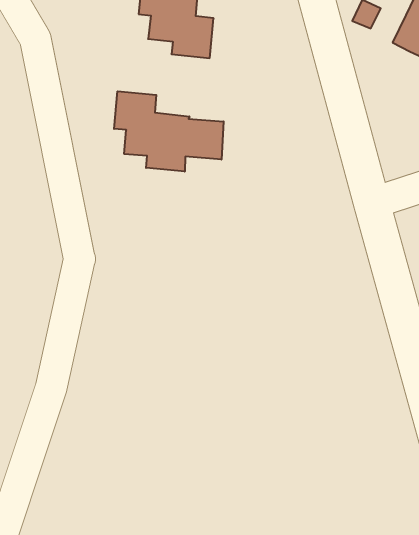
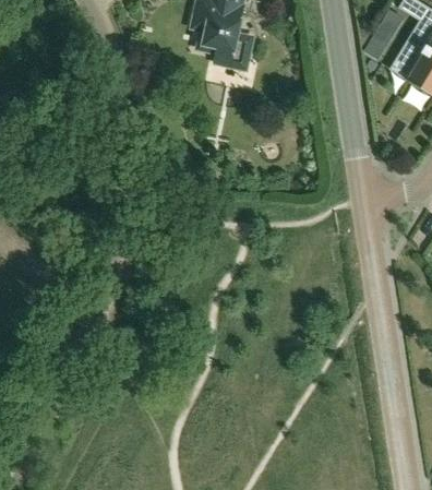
building: [114,91,224,172] -> none

